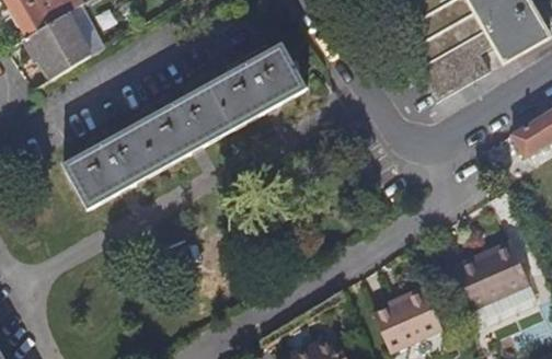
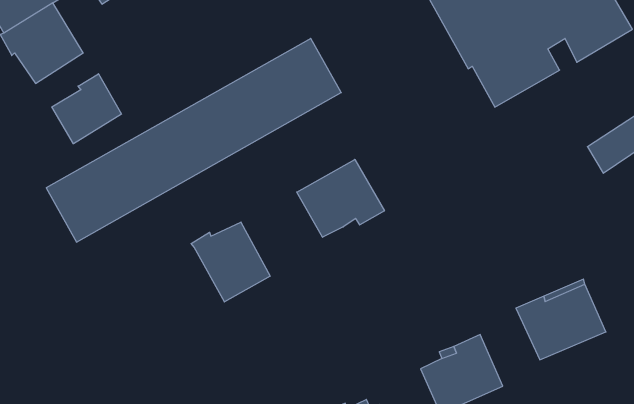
building: none -> [52,74,121,144]
building: none -> [297,159,384,237]
building: none -> [191,222,270,302]

